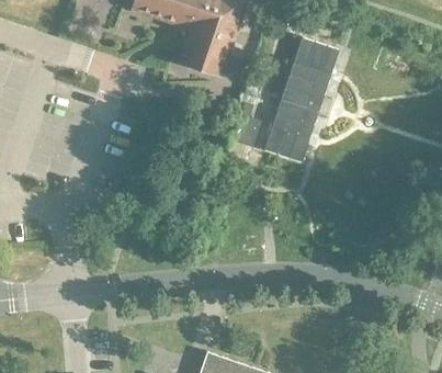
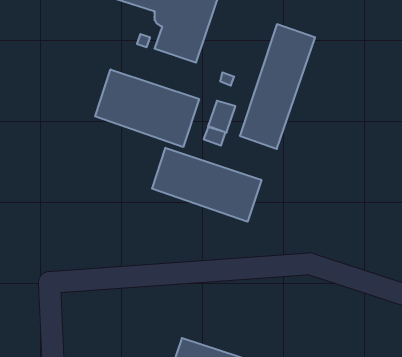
building: none -> [95,69,199,147]
building: none -> [152,148,261,222]

